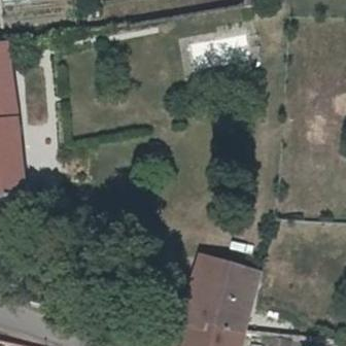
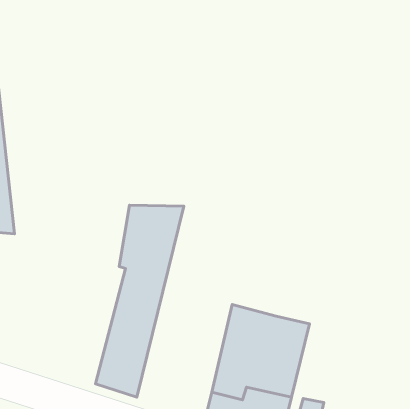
building: none -> [95,205,184,397]

